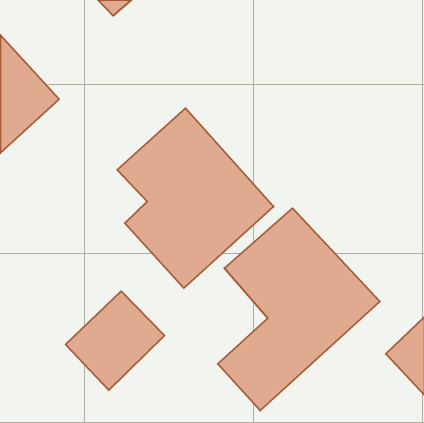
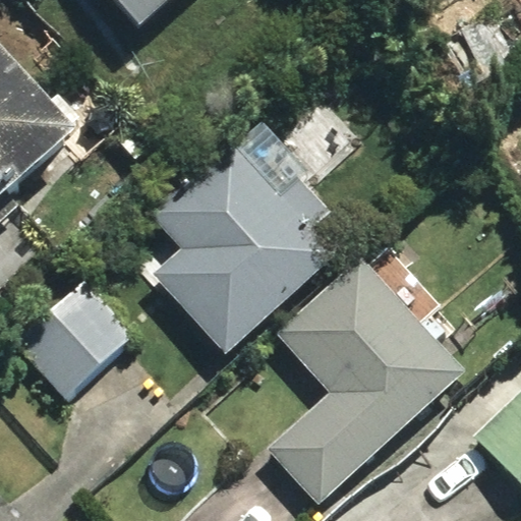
building: [66,291,164,390] -> [12,279,133,400]

